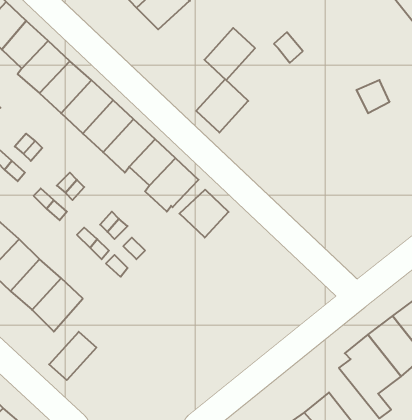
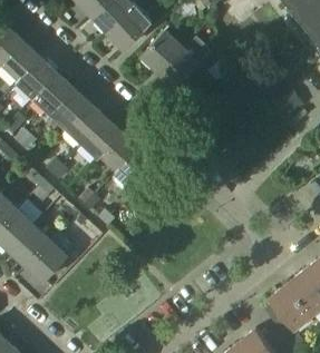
building: [196,79,248,133] -> [142,31,182,72]
building: [179,190,229,238] -> none
building: [49,332,96,380] -> none

